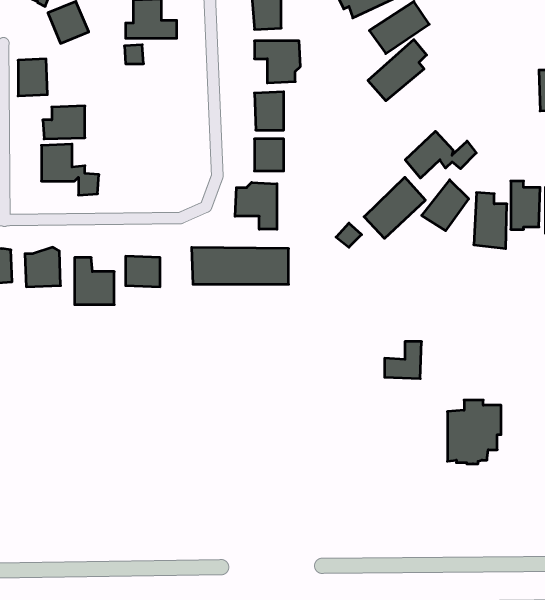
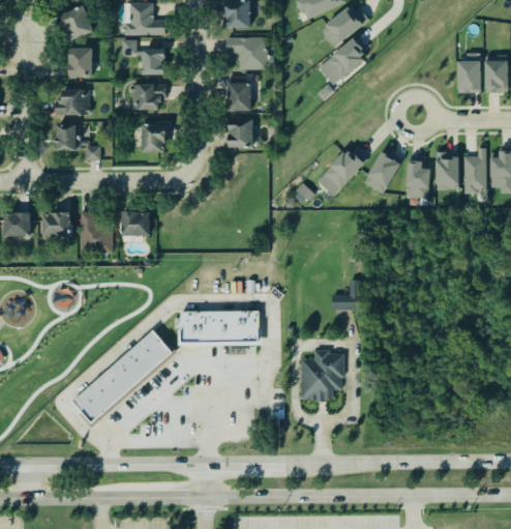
building: none -> [142,50,166,76]
building: [18,59,47,96] -> [67,47,91,77]
building: none -> [129,84,163,109]
building: [405,131,476,178] -> none
building: none -> [142,124,167,153]
building: [235,182,277,229] -> none
building: [192,247,289,284] -> [179,307,258,337]
building: [447,400,501,464] -> [299,350,342,402]
building: none -> [72,329,173,422]

